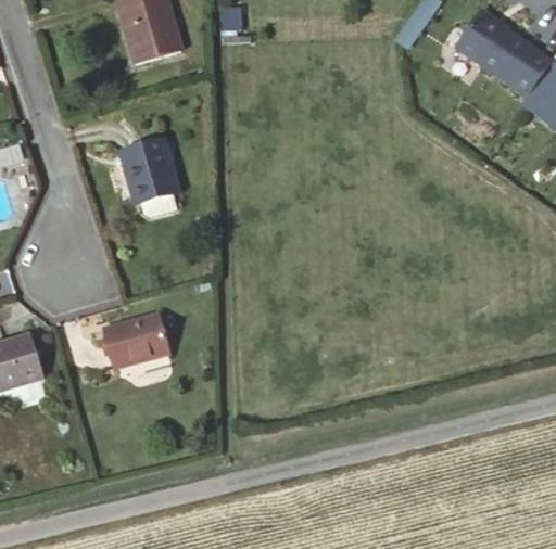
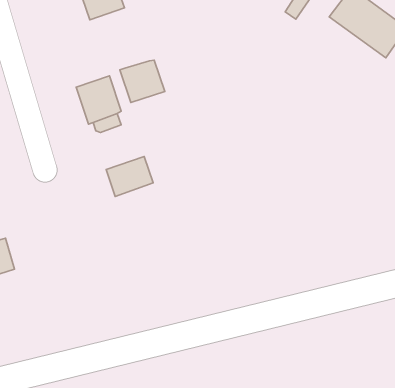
building: none -> [120,60,165,103]
building: [105,310,167,363] -> [106,156,153,197]

